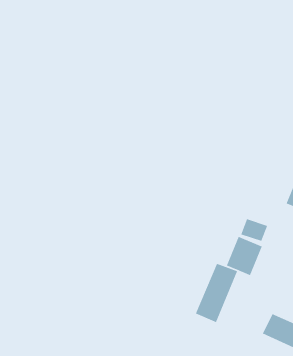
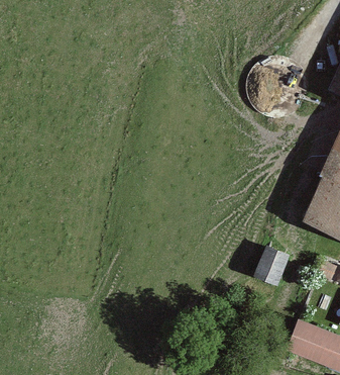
building: [195,263,238,323] -> none

